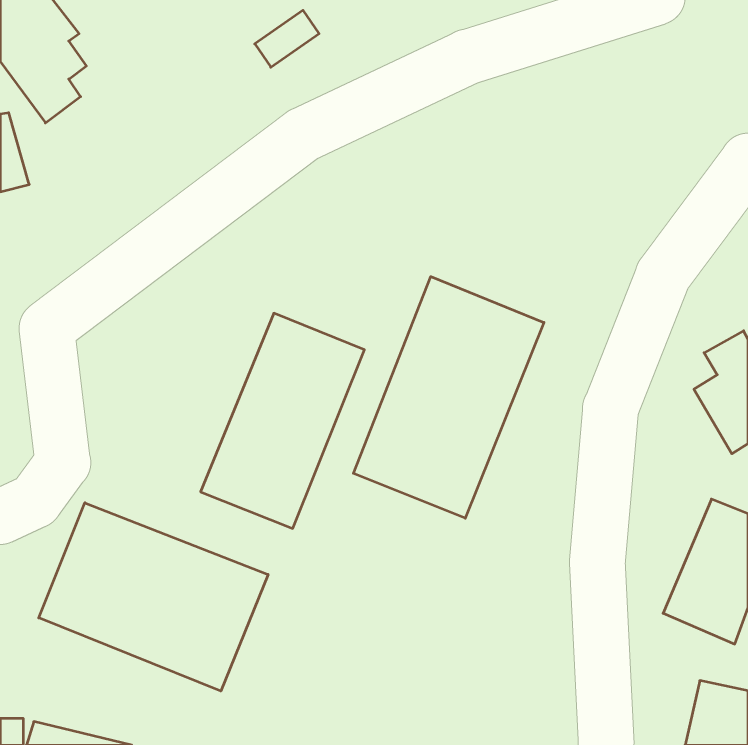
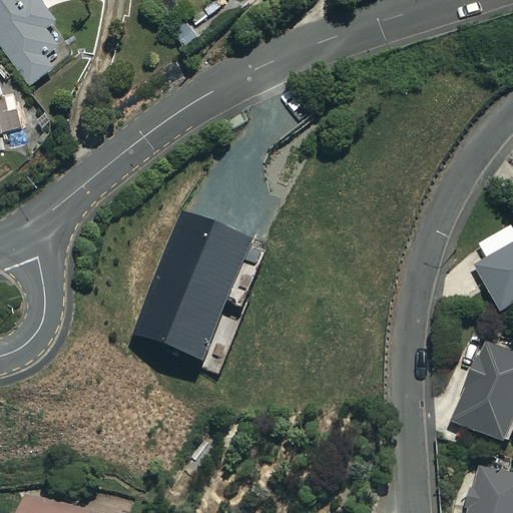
building: [353,277,544,518] -> none
building: [39,503,268,691] -> none

